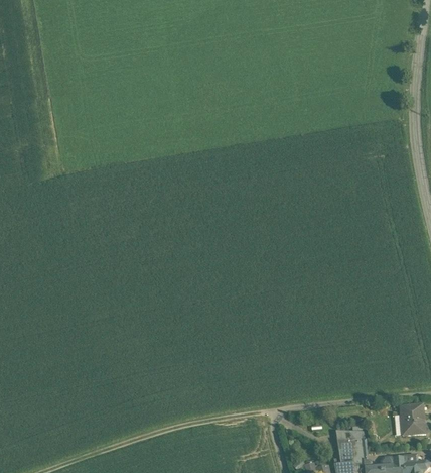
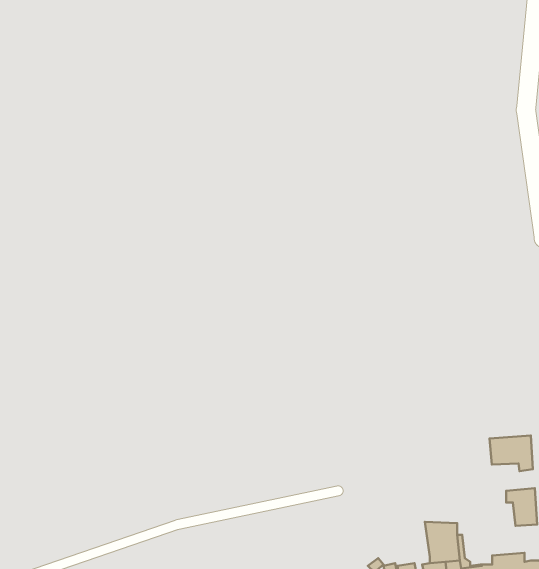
building: none -> [490,435,533,471]

